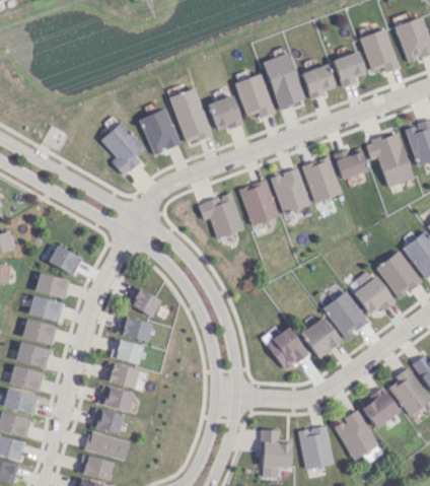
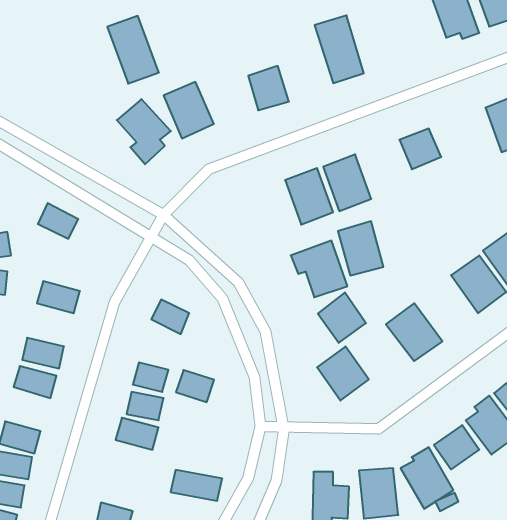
building: [334,52,365,86] -> none
building: [303,65,334,95] -> none
building: [235,73,275,117] -> none
building: [169,87,212,143] -> [107,16,159,84]
building: [366,132,413,187] -> none
building: [303,156,341,201] -> [338,221,383,275]
building: [198,192,244,238] -> [291,241,347,297]
building: [49,245,82,274] -> [38,203,78,239]
building: [354,275,396,315] -> none
building: [29,296,63,320] -> none
building: [121,316,152,342] -> [176,370,214,402]
building: [301,316,341,357] -> [318,292,366,343]
building: [9,364,45,392] -> none
building: [91,408,124,432] -> none
building: [86,432,129,458] -> [171,470,222,501]

